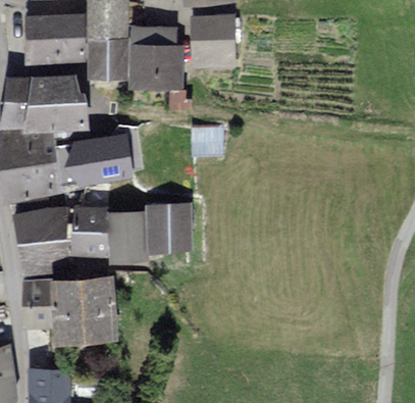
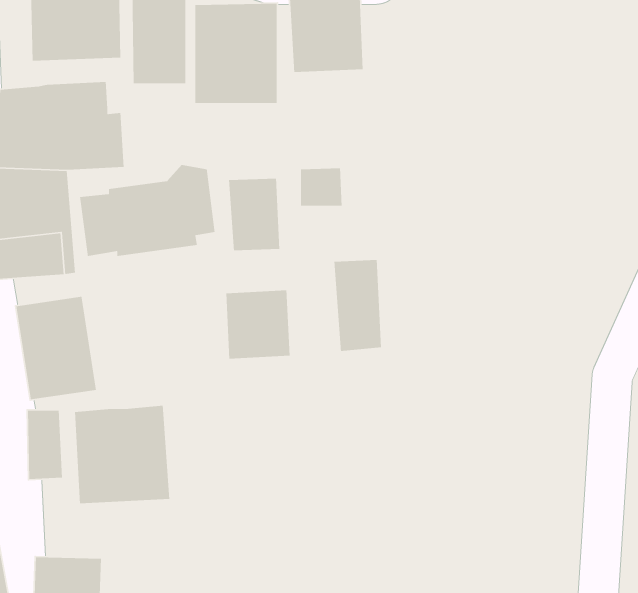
building: none -> [333,259,382,352]
building: [74,206,106,251] -> none
building: [111,212,144,258] -> [228,178,280,251]

